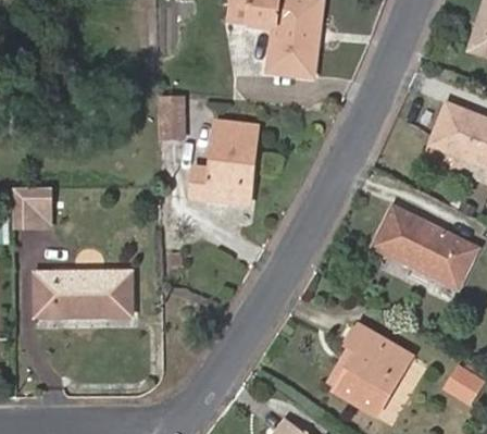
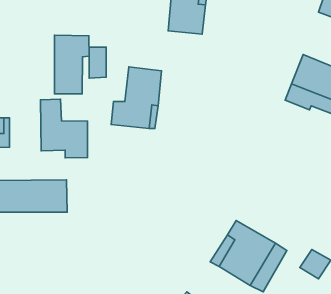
building: none -> [54,35,89,94]
building: none -> [40,99,88,158]
building: [375,208,475,287] -> none

